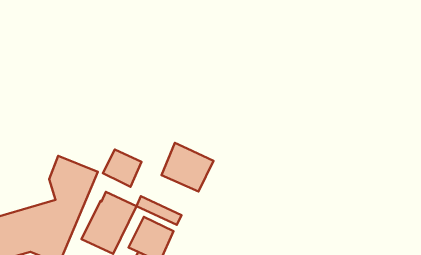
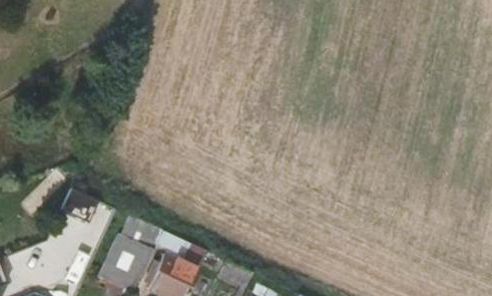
building: [161,143,213,192] -> none
building: [103,149,142,187] -> none

